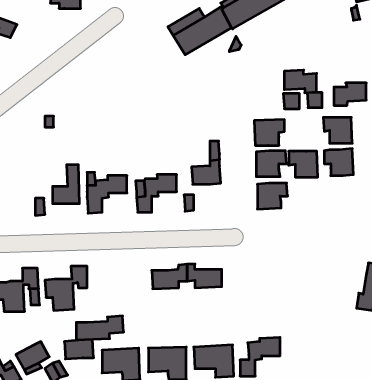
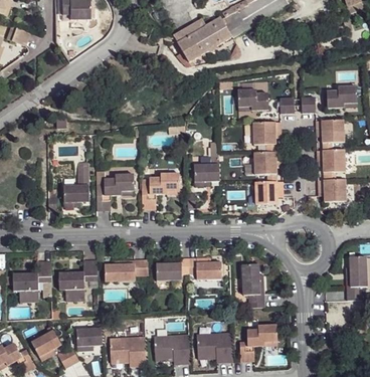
building: [284,70,317,93] -> [236,89,266,111]
building: [289,151,318,177] -> [318,180,345,204]
building: none -> [241,263,263,308]
building: [76,316,124,340] -> [103,257,147,279]

